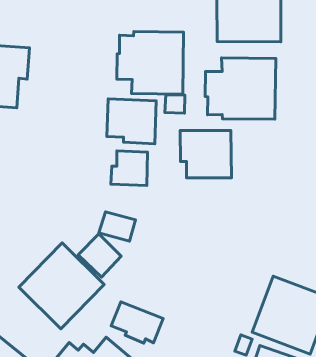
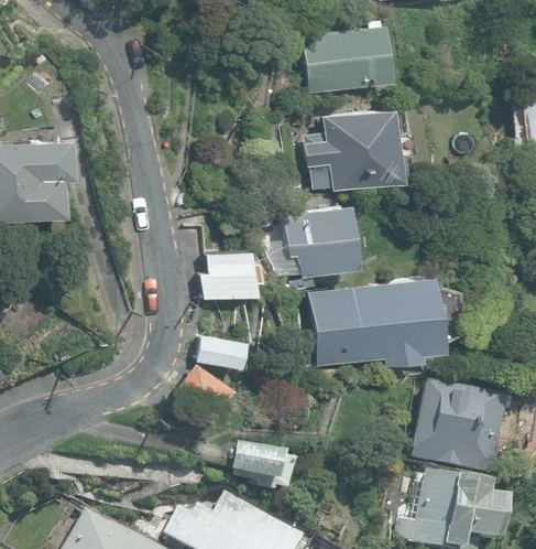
building: [117,31,183,94] -> none
building: [107,99,156,144] -> none
building: none -> [310,276,440,366]
building: [19,243,104,329] -> none

